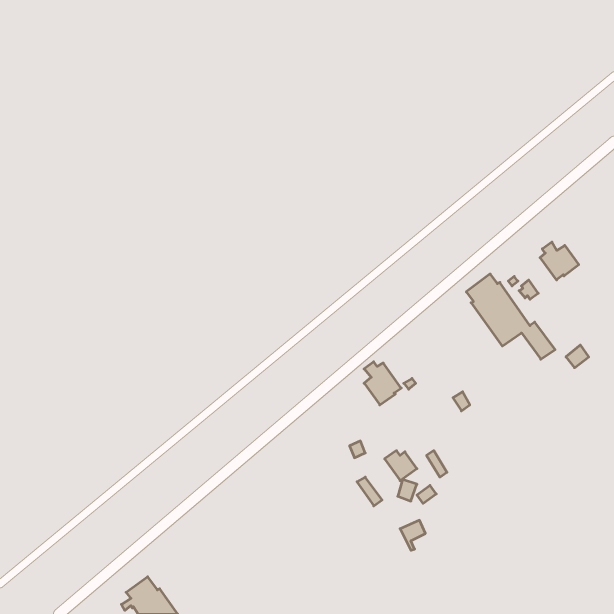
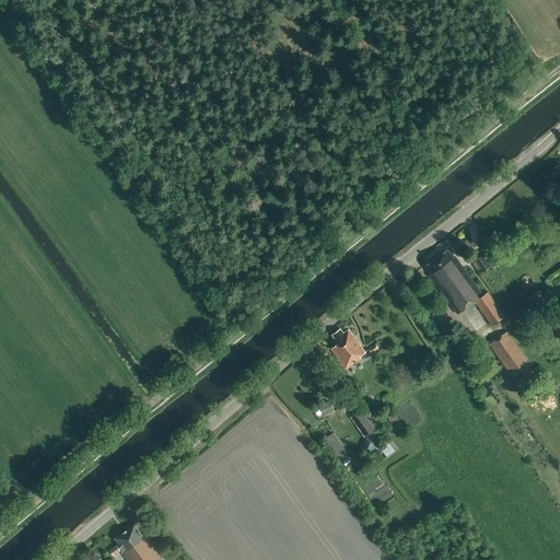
building: [540,242,579,280] -> none
building: none -> [489,331,530,378]

